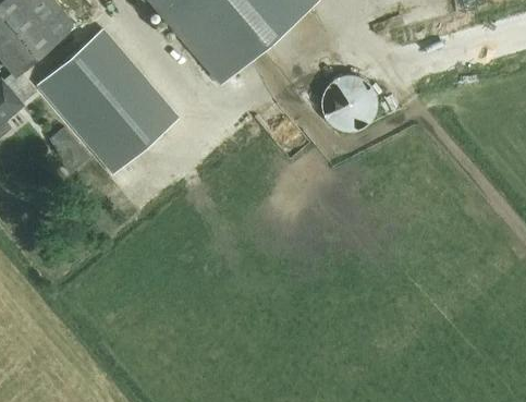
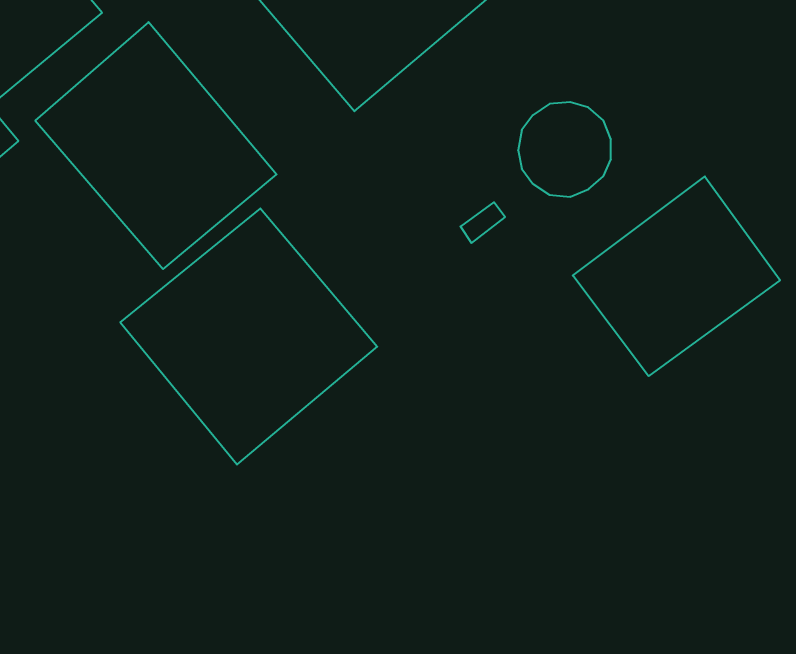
building: none -> [573,176,780,376]
building: none -> [120,208,377,465]

